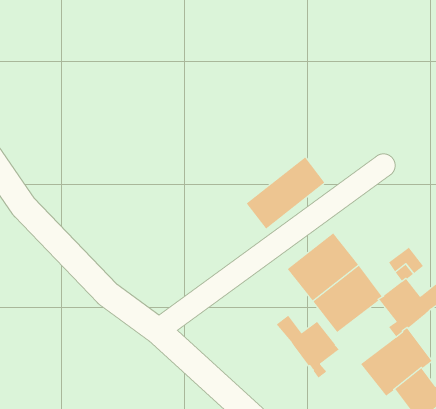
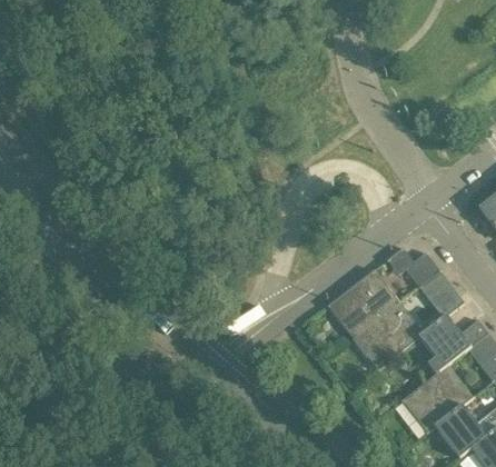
building: [246,157,325,229] -> none
building: none -> [388,246,439,285]
building: [276,315,340,378] -> none

